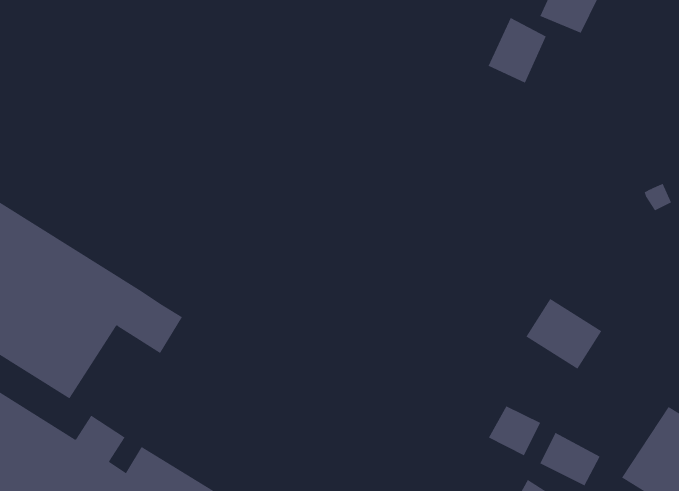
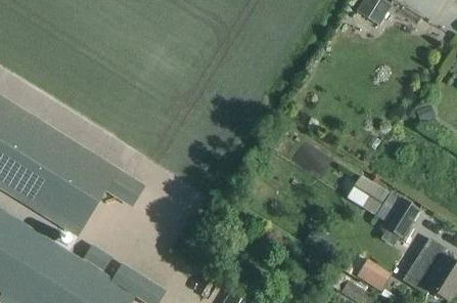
building: [488,17,546,84] -> none
building: none -> [385,201,418,239]
building: [488,406,541,456] -> none

